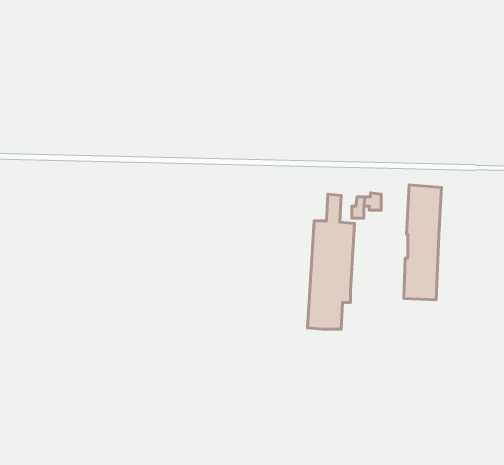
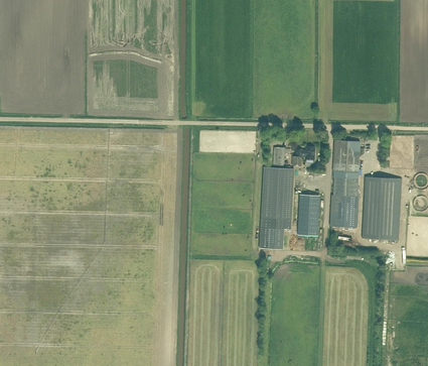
building: none -> [363,177,401,239]
building: none -> [297,195,319,236]

